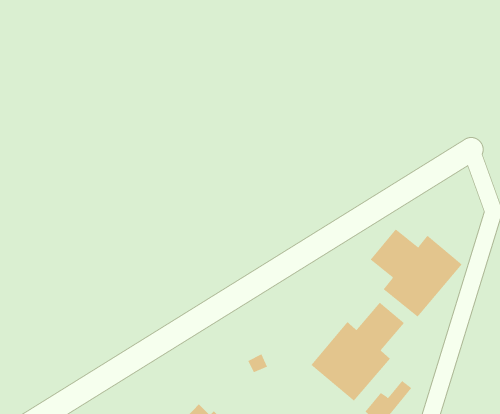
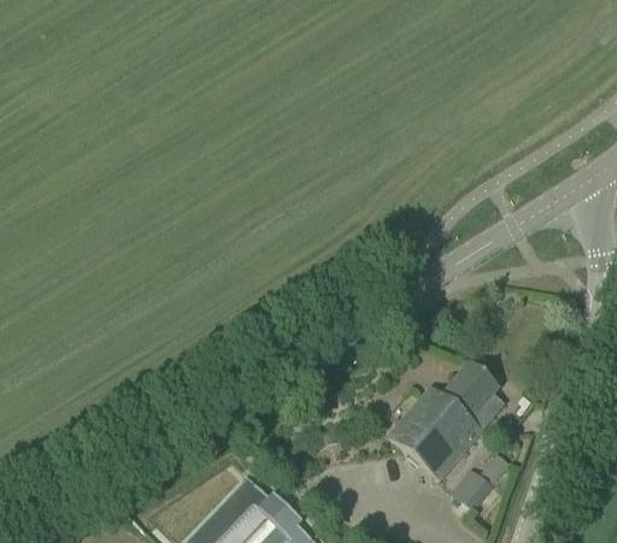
building: [370,229,462,318] -> none

